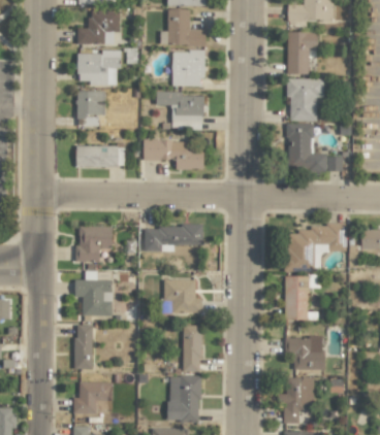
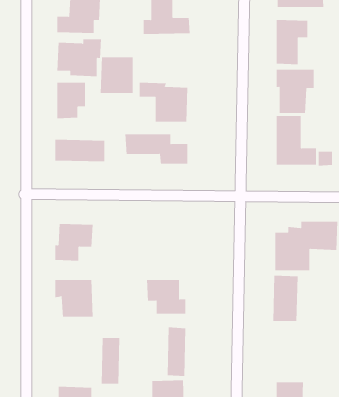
building: [171,51,203,86] -> [100,57,133,93]
building: [144,226,203,252] -> none
building: [74,325,93,369] -> [101,338,120,384]
building: [285,337,324,370] -> none

